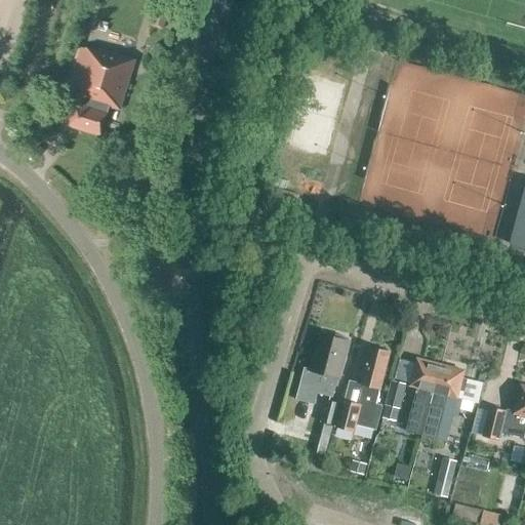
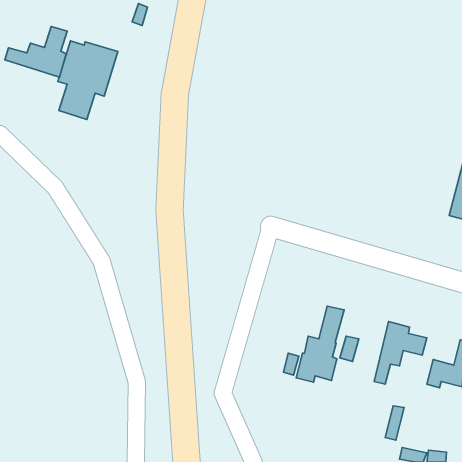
building: none -> [5,26,67,77]
building: [297,333,351,404] -> none
building: [406,358,441,436] -> none

